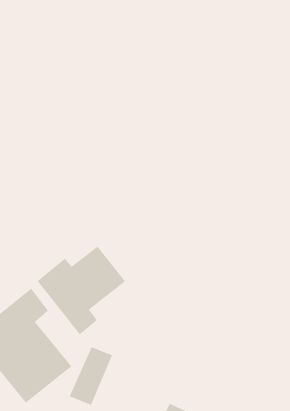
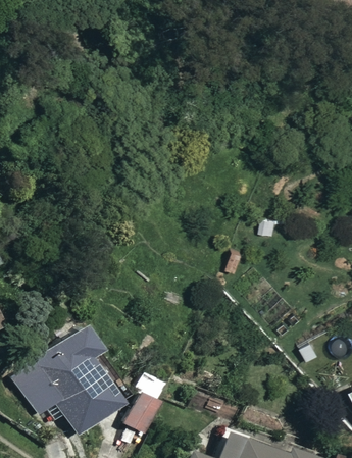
building: [37,246,126,335] -> none

